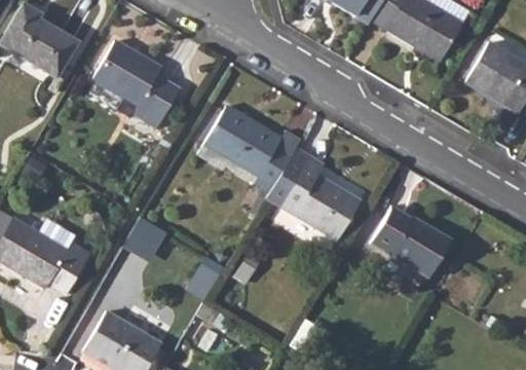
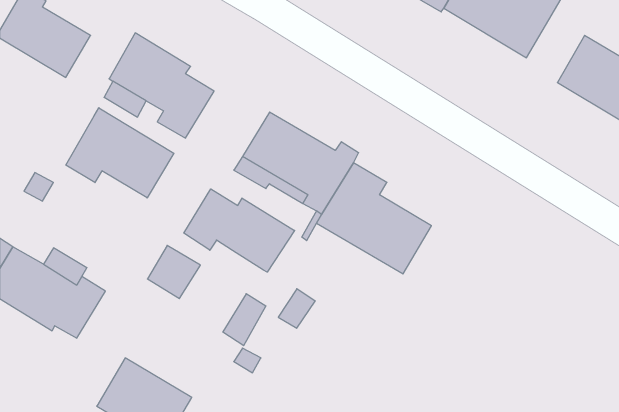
building: none -> [66,108,174,198]
building: none -> [184,189,295,272]
building: [371,205,451,276] -> none

